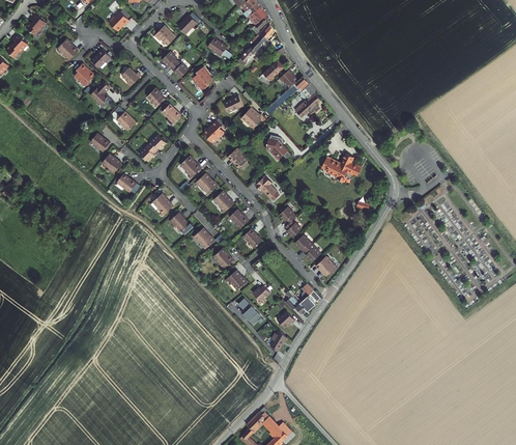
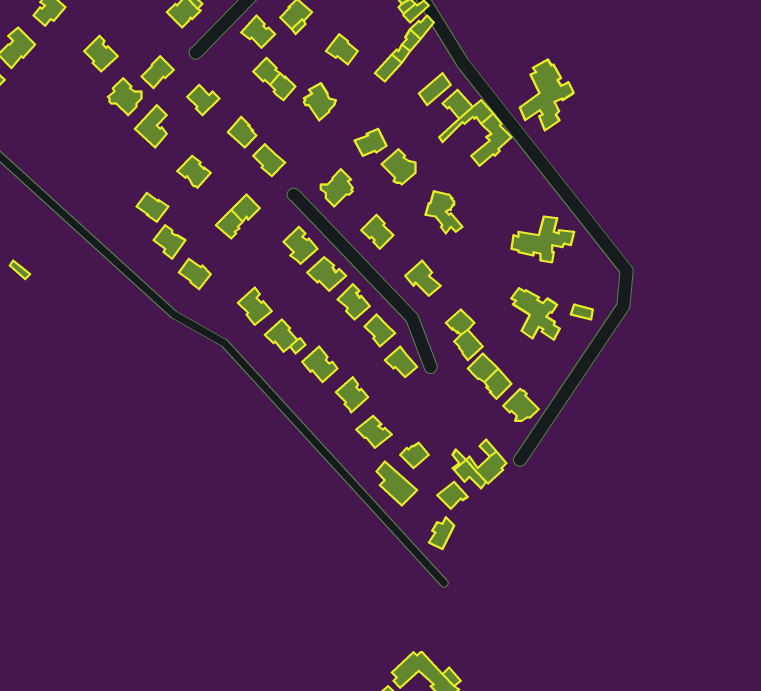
building: none -> [520,59,574,130]
building: none -> [511,288,560,340]

